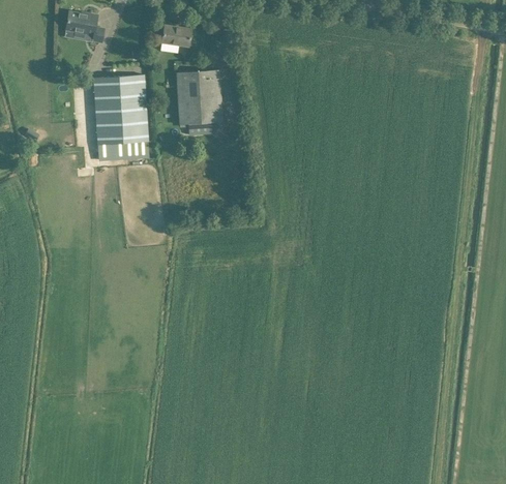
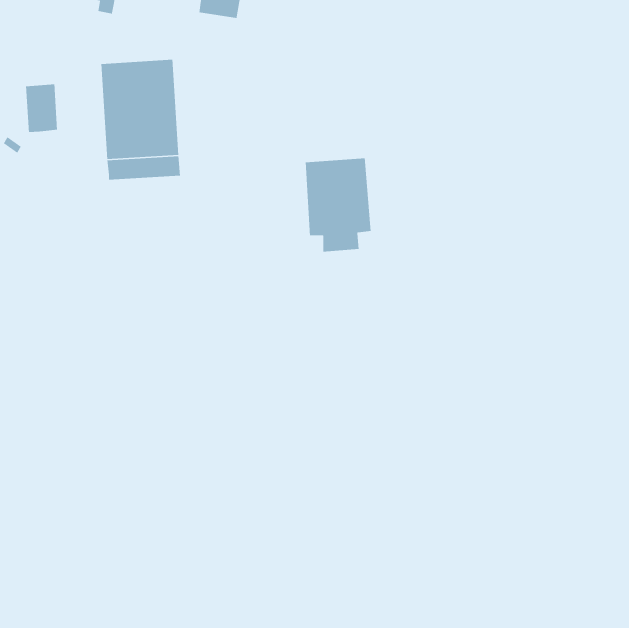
building: [176,68,222,134] -> [305,157,371,252]
building: none -> [25,83,58,133]

